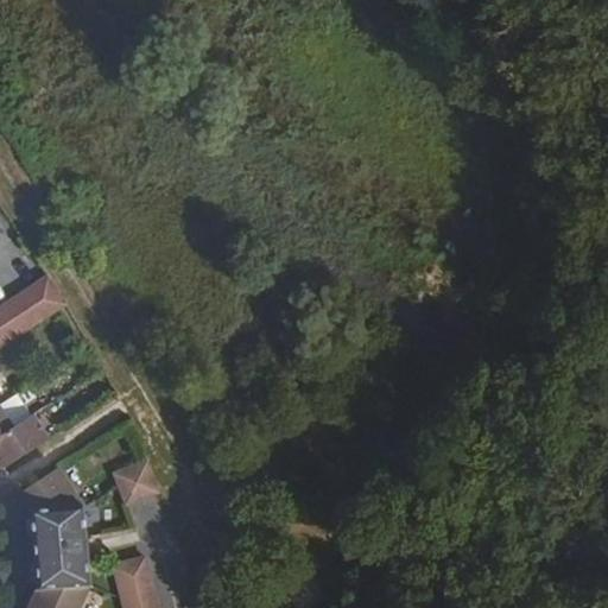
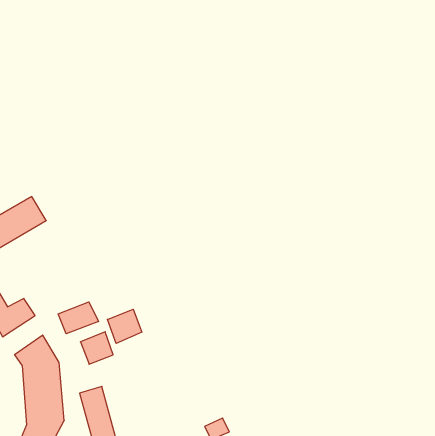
building: none -> [58,302,98,334]
building: none -> [107,309,142,343]

